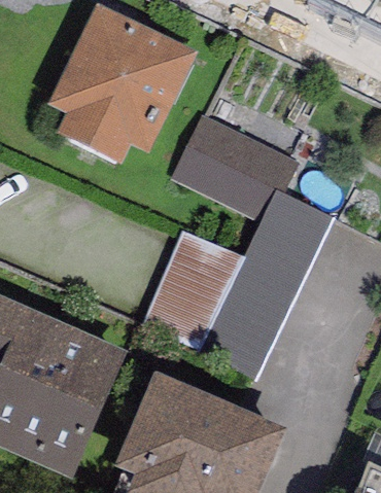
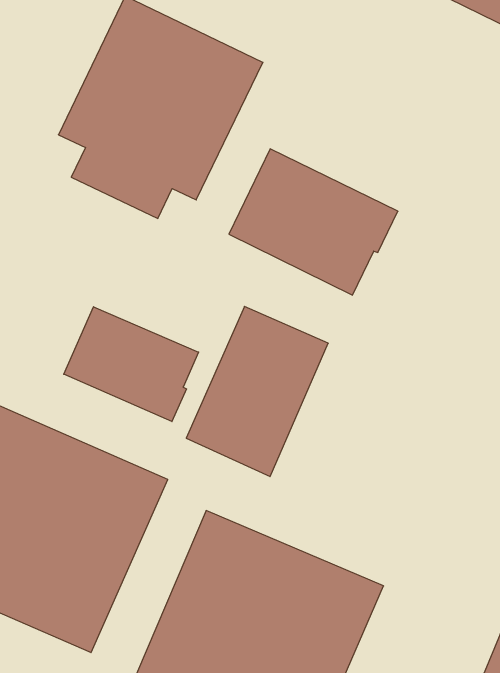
building: [192,186,332,395] -> none
building: none -> [64,307,199,422]

